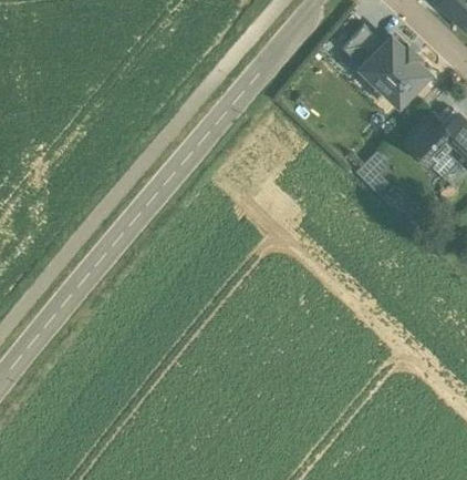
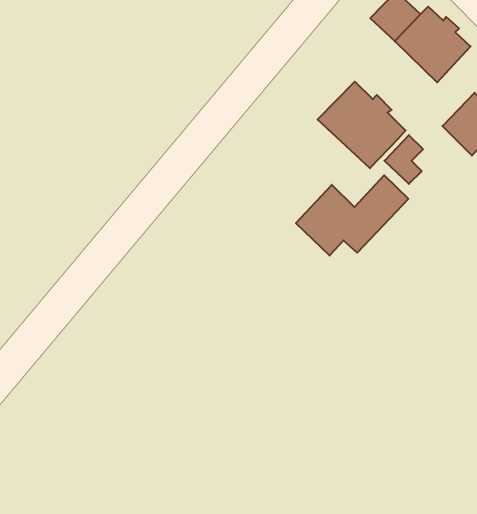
building: none -> [318,82,406,168]
building: none -> [296,175,408,256]

